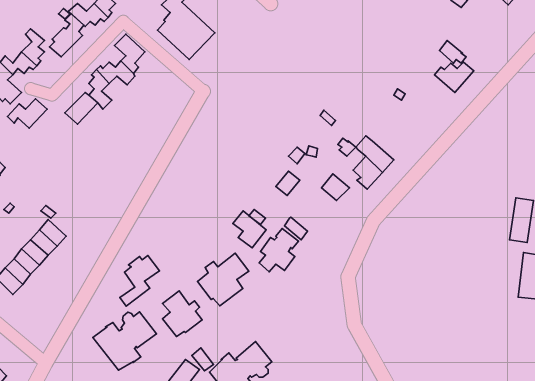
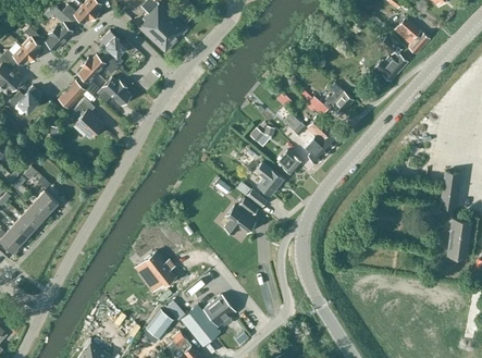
building: none -> [394,17,430,54]
building: none -> [97,77,131,104]
building: none -> [300,83,353,115]
building: none -> [73,98,103,139]
building: [233,211,266,248] -> [254,162,282,194]
building: [197,253,249,306] -> none
building: [120,256,160,306] -> none
building: [93,312,157,370] -> none

